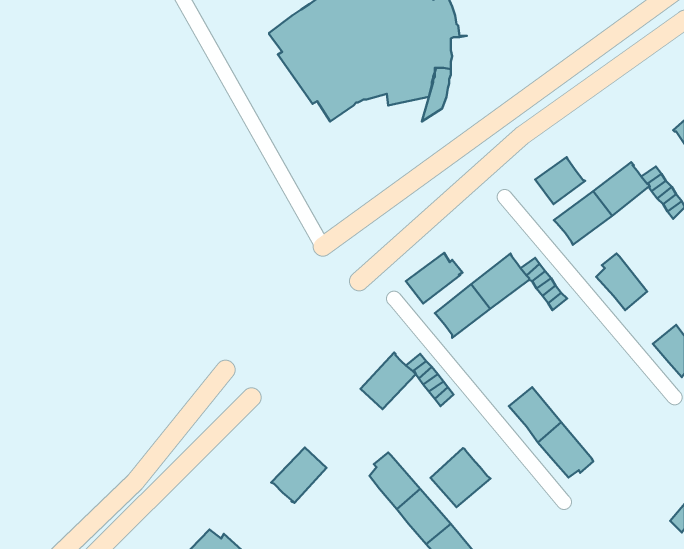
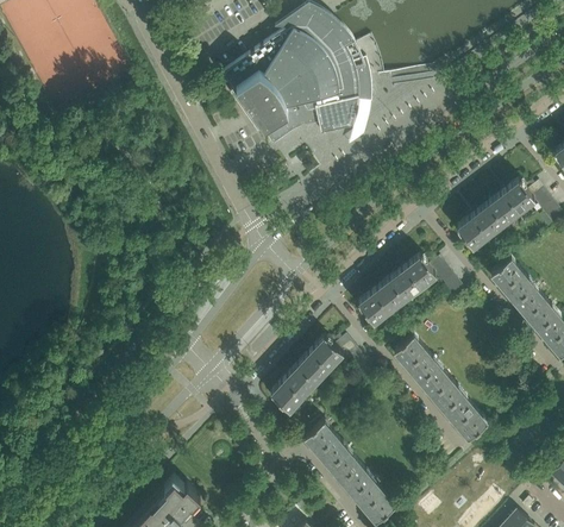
building: [535,157,585,204] -> none
building: [406,253,462,304] -> none
building: none -> [513,287,554,330]
building: none -> [393,333,437,381]
building: [271,448,327,503] -> [269,366,314,412]
building: [431,448,490,507] -> none

